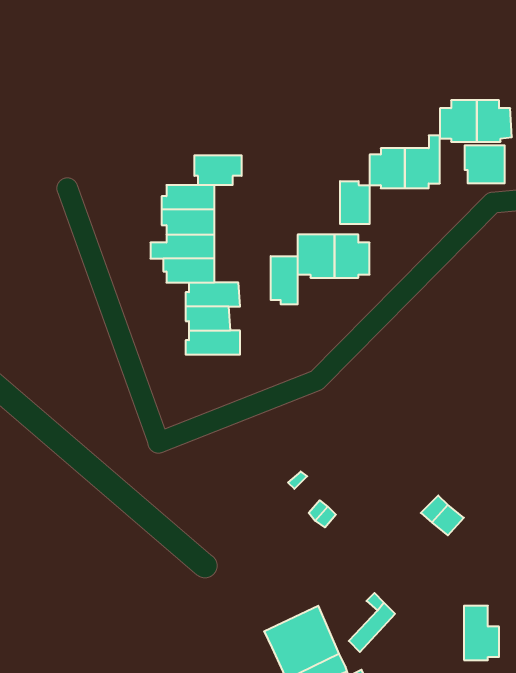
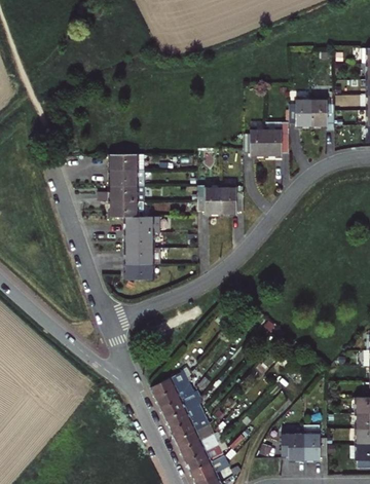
building: [465,145,505,183] -> none
building: [194,155,242,185] -> none
building: [340,181,370,224] -> none
building: [271,256,298,304] -> none
building: none -> [123,263,151,280]
building: none -> [148,370,209,441]
building: none -> [280,433,302,459]

